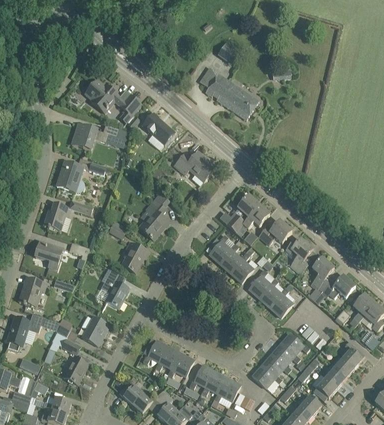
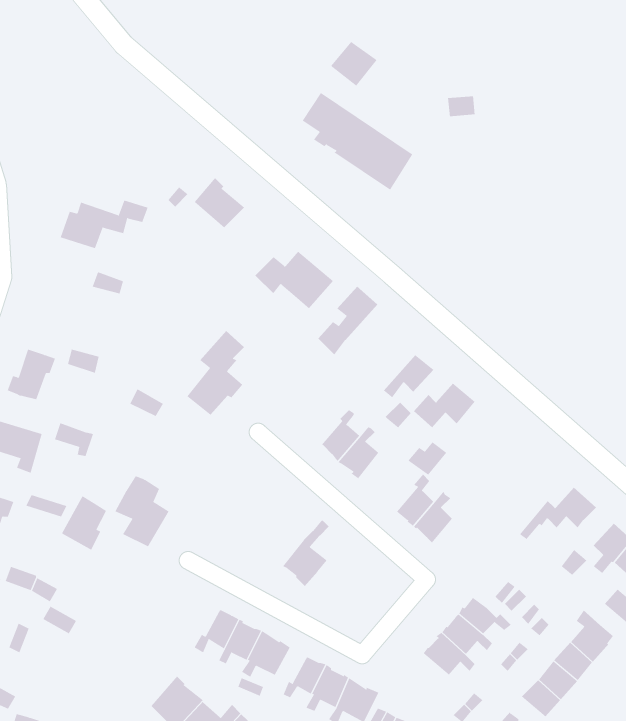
building: [85,78,141,122] -> none
building: [56,160,84,191] -> none
building: [227,195,259,232] -> [318,286,378,356]
building: [285,238,312,272] -> none
building: [121,241,148,272] -> none
building: [229,246,254,282] -> [282,519,330,587]
building: [308,257,334,300] -> none
building: [268,282,292,316] -> none
building: [82,316,106,345] -> [61,496,107,550]
building: [63,353,90,383] -> none
building: [252,363,282,391] -> none

